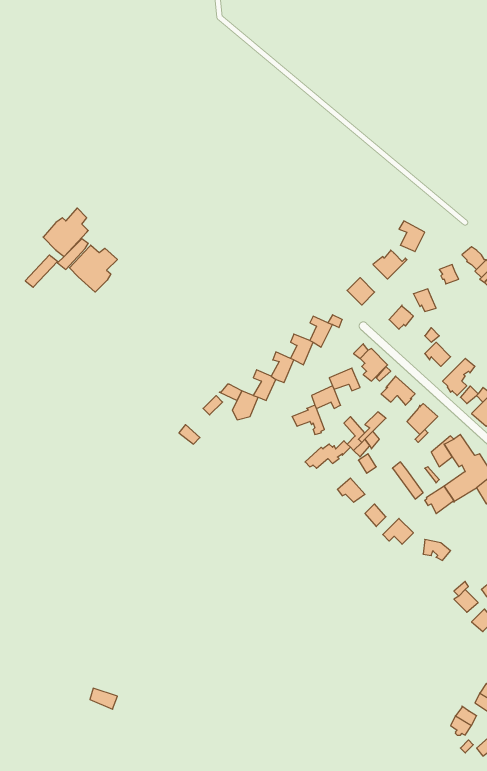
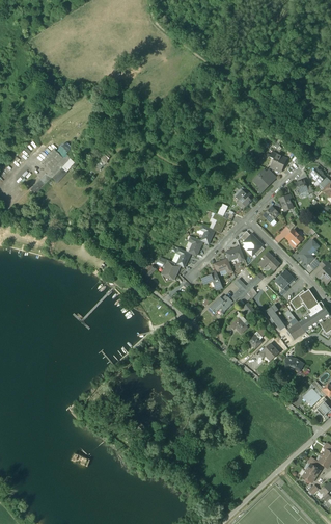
building: [69,245,117,292] -> none

